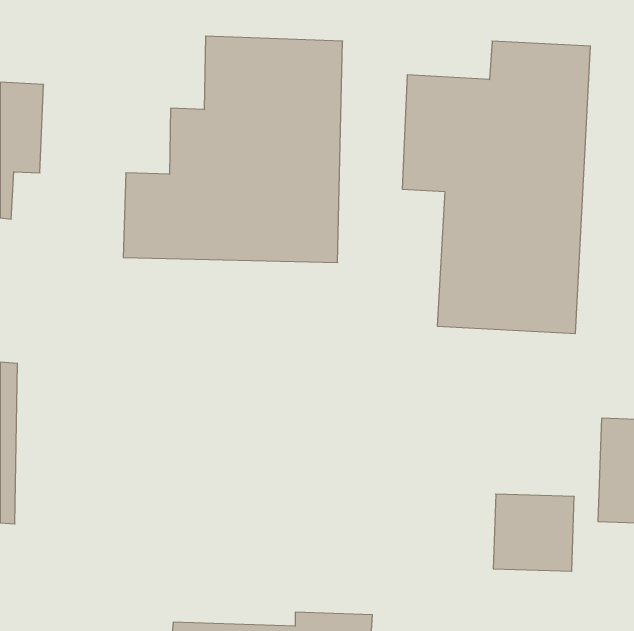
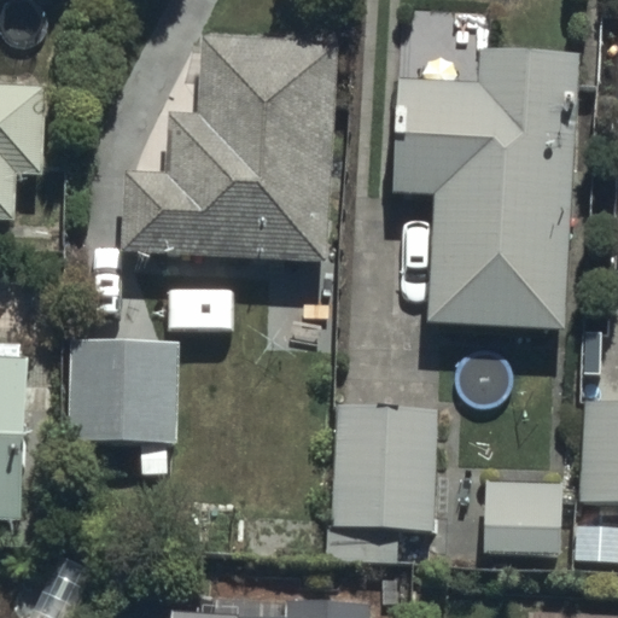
building: none -> [69,339,177,441]
building: none -> [328,406,441,564]

